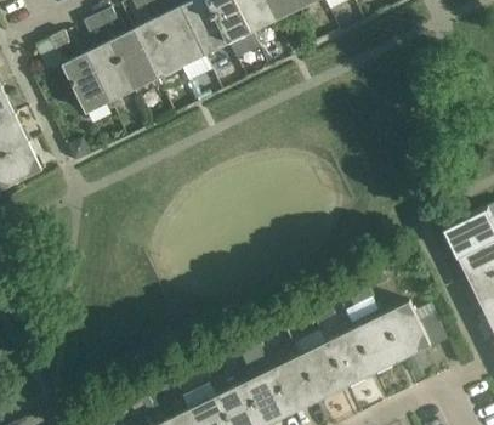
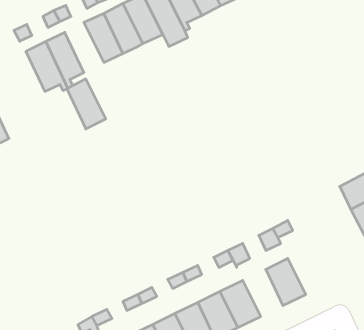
building: [109,29,157,90] -> [67,79,106,129]
building: [380,302,447,359] -> none
building: [325,329,374,386] -> none

